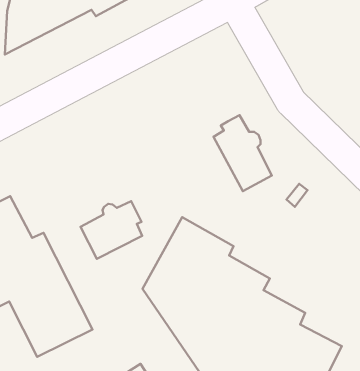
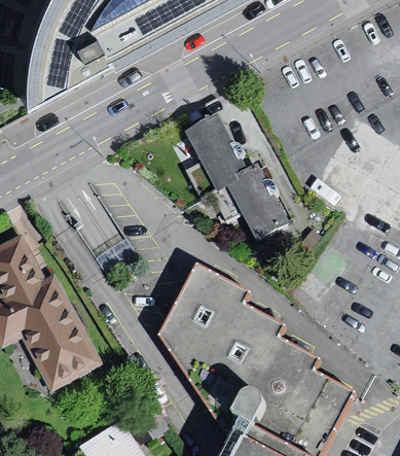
building: none -> [183,111,241,185]
building: [80,201,142,259] -> none

